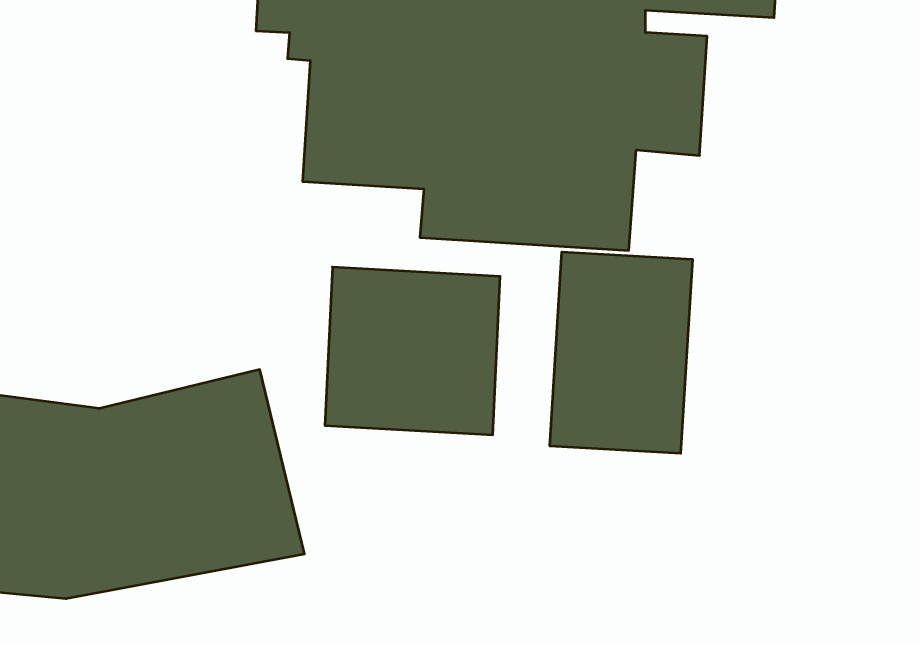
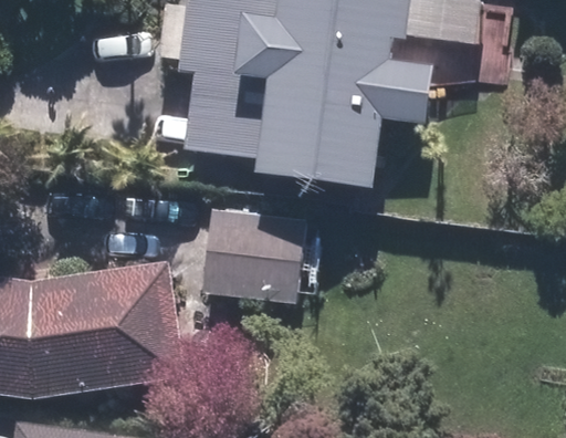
building: [550,252,692,453] -> none

